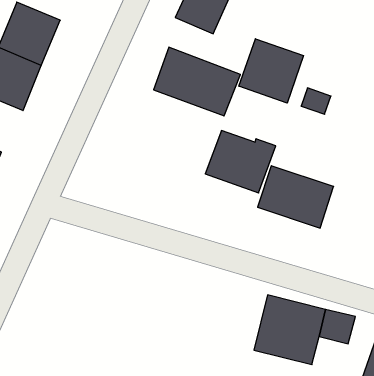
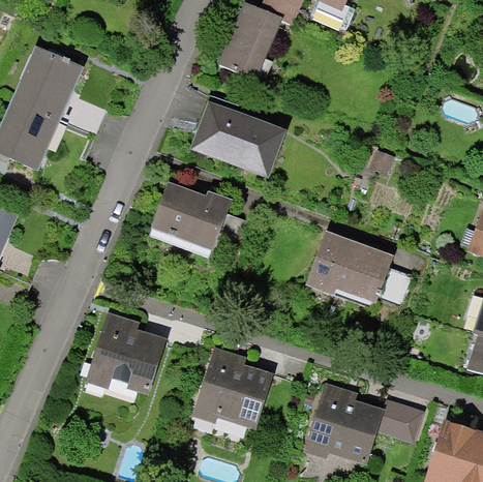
building: [239,39,304,103] -> none
building: [205,131,276,193] -> [150,184,231,255]
building: none -> [85,319,168,397]
building: none -> [193,349,276,428]

